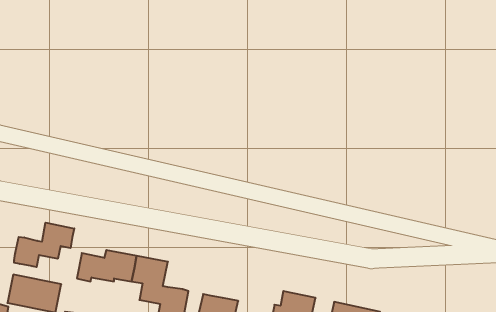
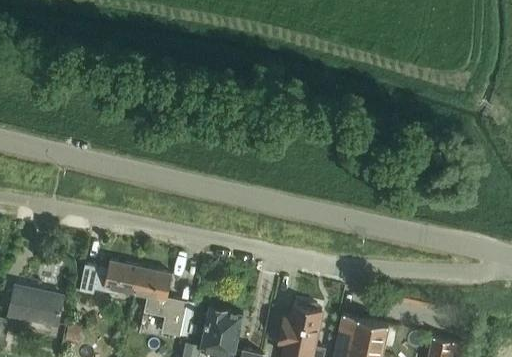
building: [14,223,74,267] -> none

